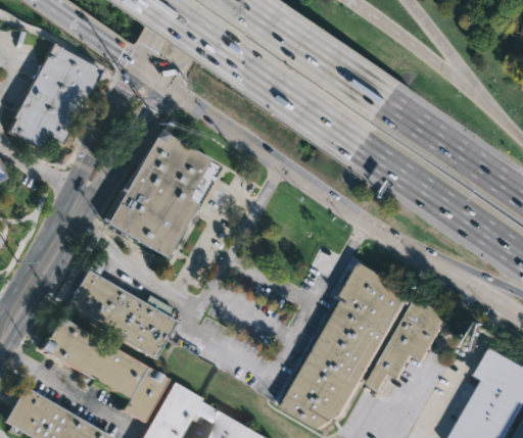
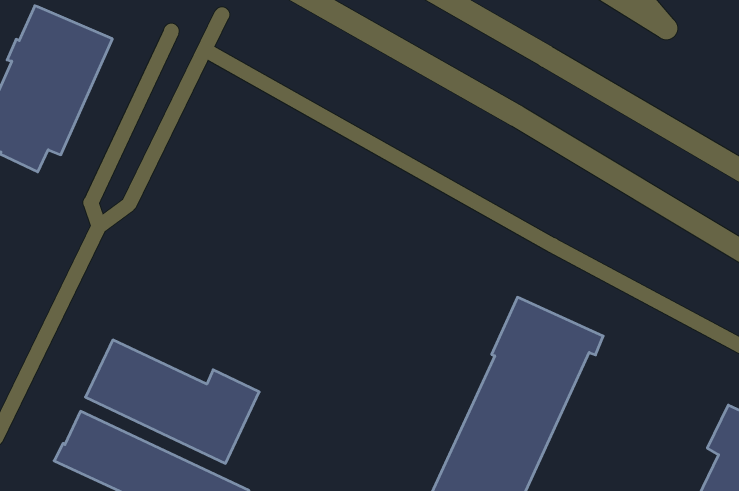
building: [108,128,211,256] -> none
building: [367,298,446,391] -> none

